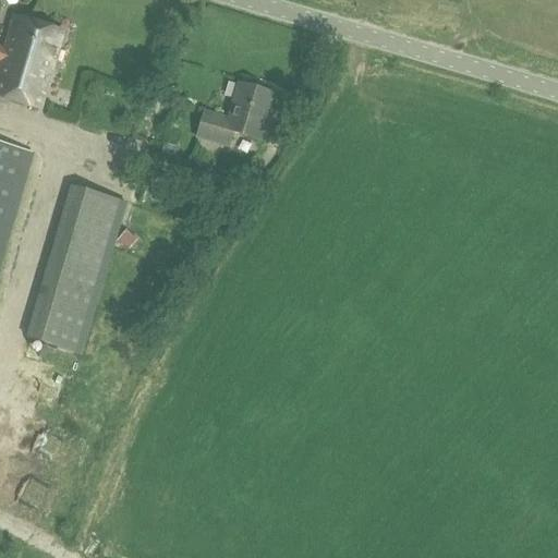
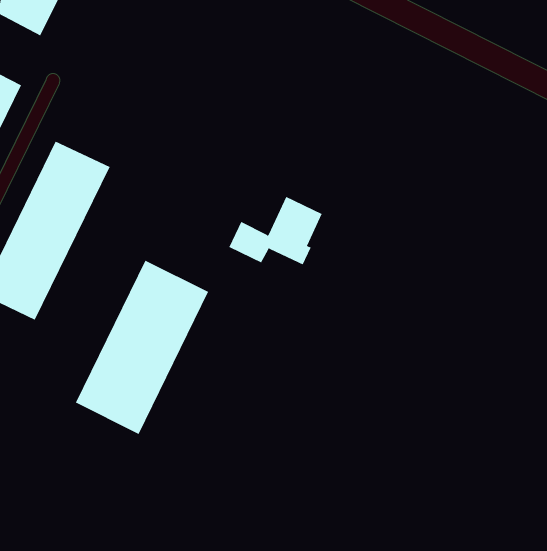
building: [197,82,272,143] -> [229,196,322,265]
building: none -> [75,260,209,435]

